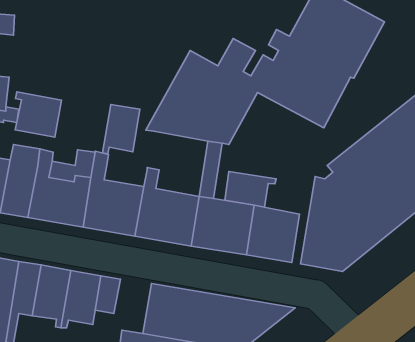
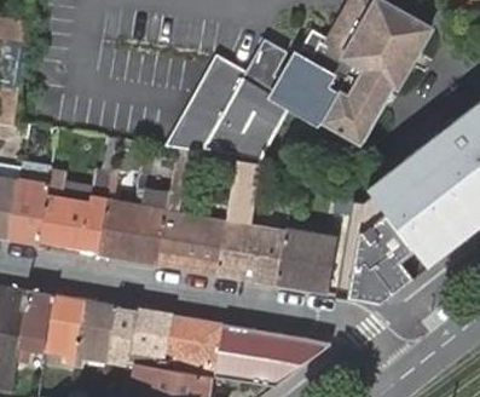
building: [15,92,61,137] -> none
building: [102,104,140,154] -> none
building: [225,171,276,207] -> none
building: none -> [134,311,175,364]

